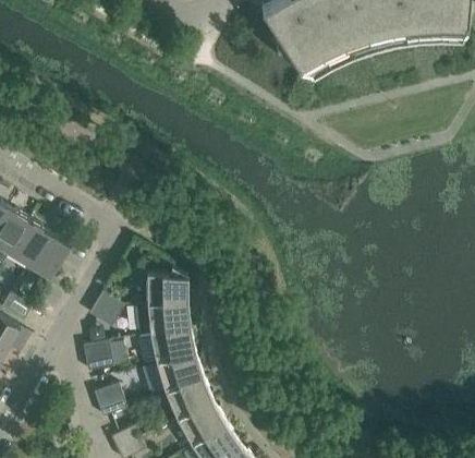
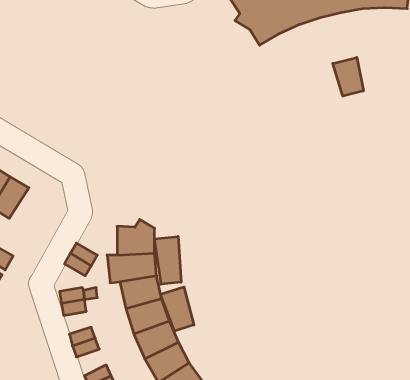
building: none -> [333,57,363,96]
building: [27,231,70,278] -> none
building: none -> [155,236,181,284]
building: none -> [161,287,194,331]

